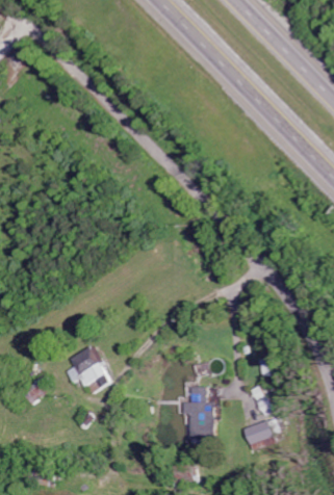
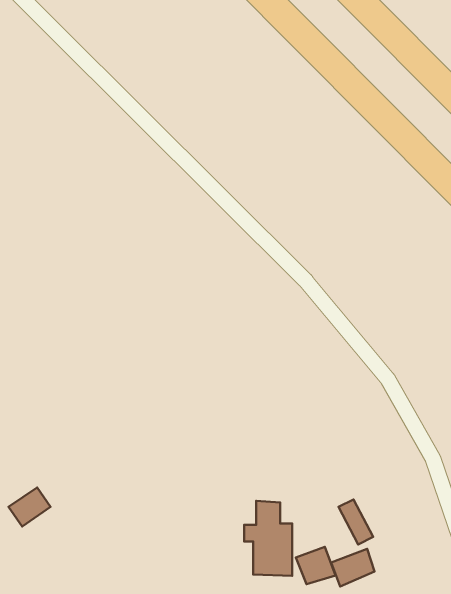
building: [66,345,111,388] -> none
building: none -> [296,547,336,584]

